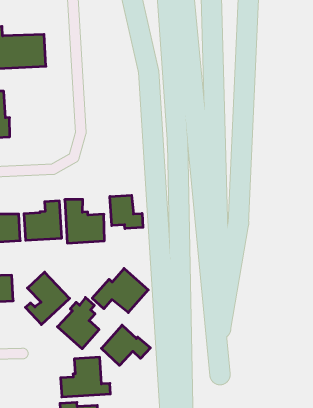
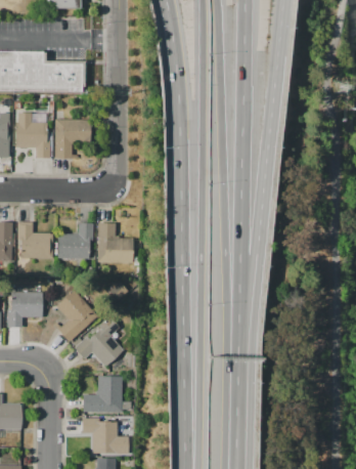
building: none -> [53,120,90,159]
building: [110,195,143,229] -> none
building: [92,268,148,313] -> none
building: [101,325,150,365] -> none

